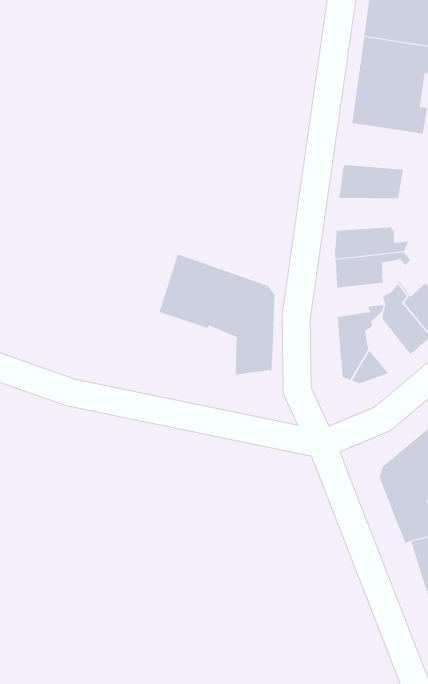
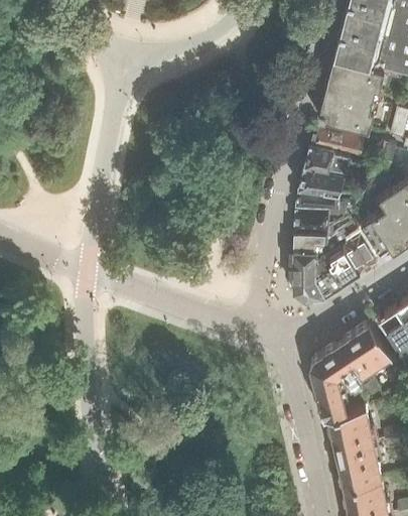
building: none -> [309,126,365,157]
building: none -> [299,169,346,194]
building: [159,253,275,375] -> none
building: none -> [293,228,332,252]
building: none -> [312,252,342,295]

